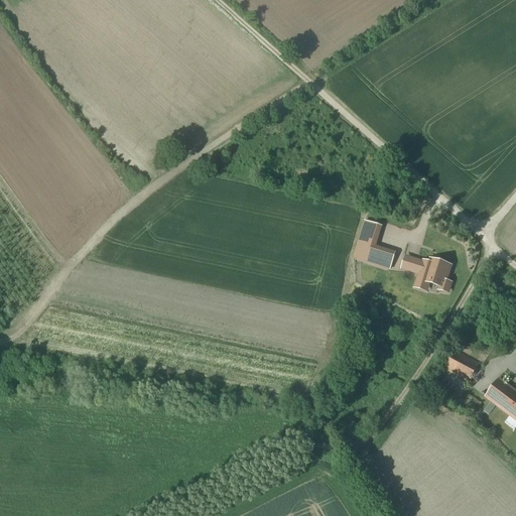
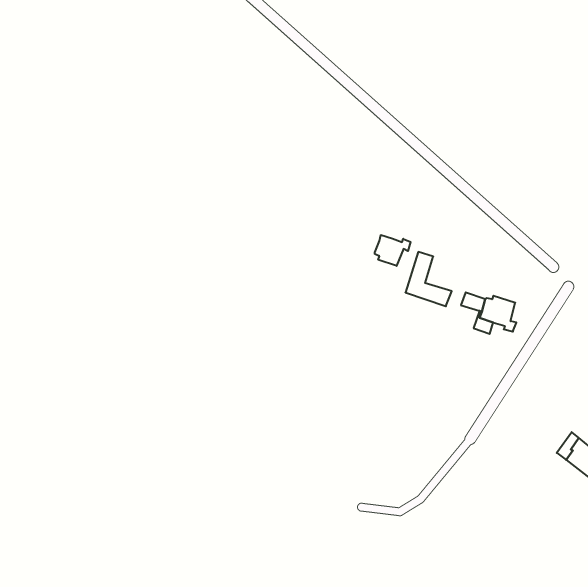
building: none -> [375,235,411,266]
building: [447,349,482,379] -> none

